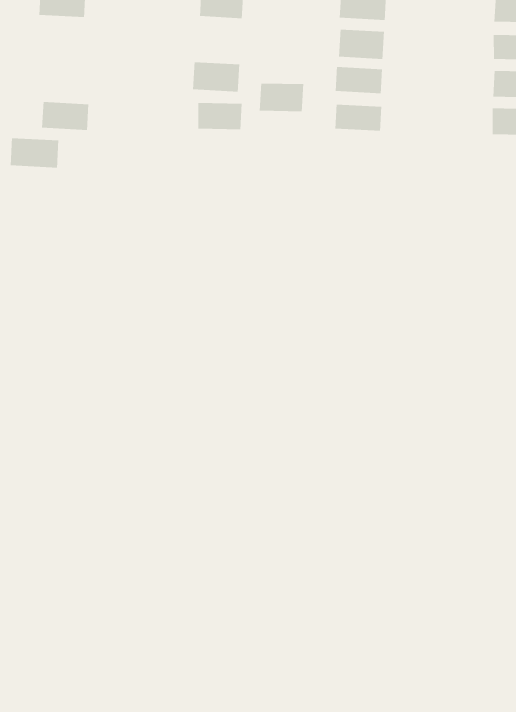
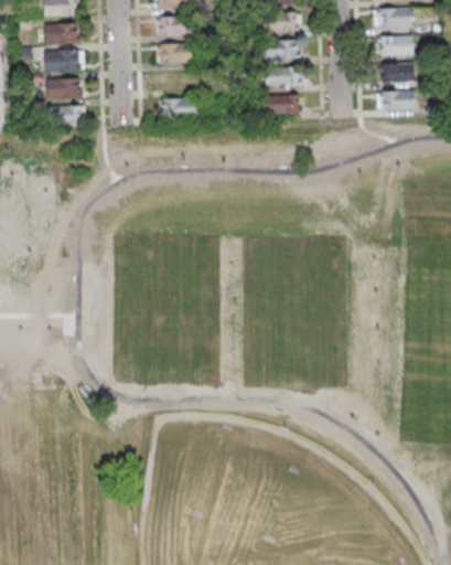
building: none -> [43,51,82,71]
building: [259,83,304,112] -> [162,44,194,66]
building: [10,137,59,168] -> [44,78,79,99]

